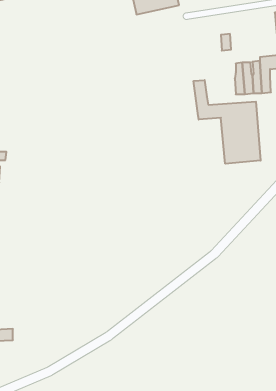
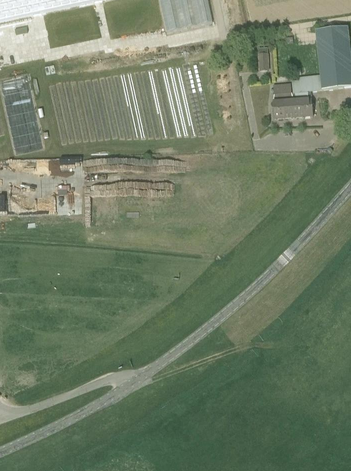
building: [194,80,261,164] -> none

